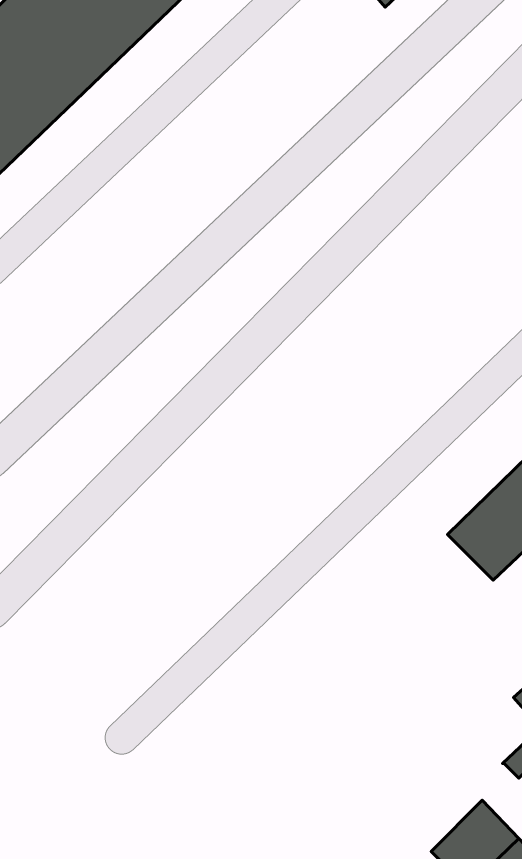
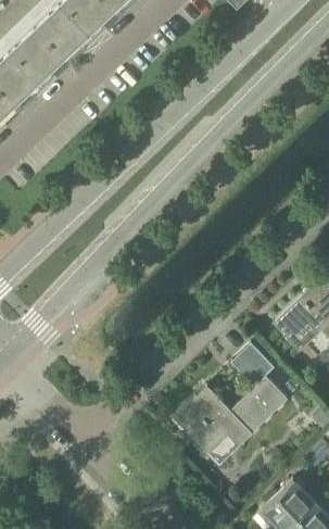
building: none -> [175,344,288,465]

